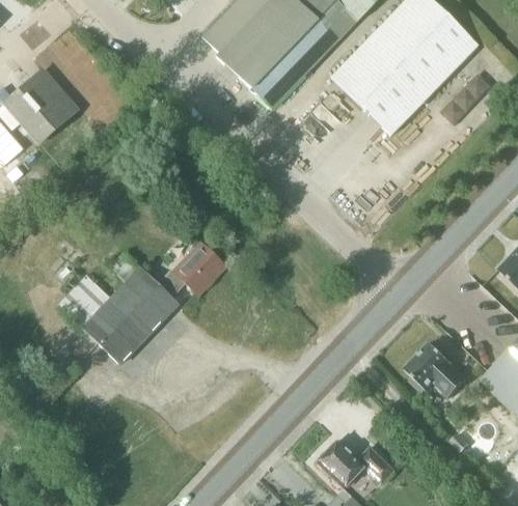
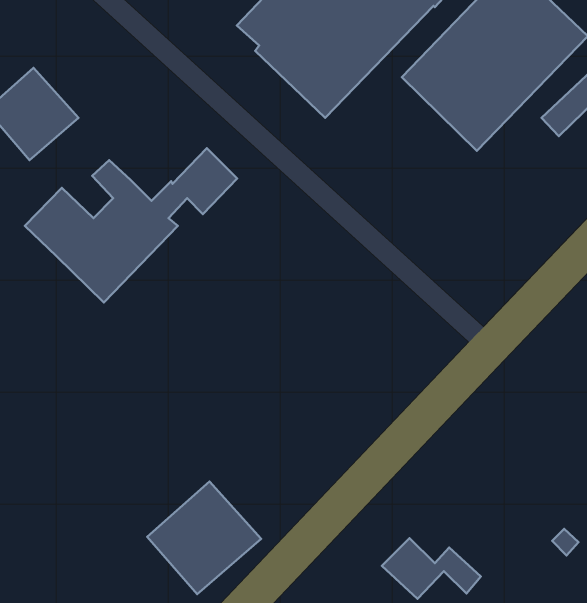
building: [58,243,225,364] -> [25,148,237,302]
building: [406,342,468,396] -> none
building: none -> [147,481,261,594]

